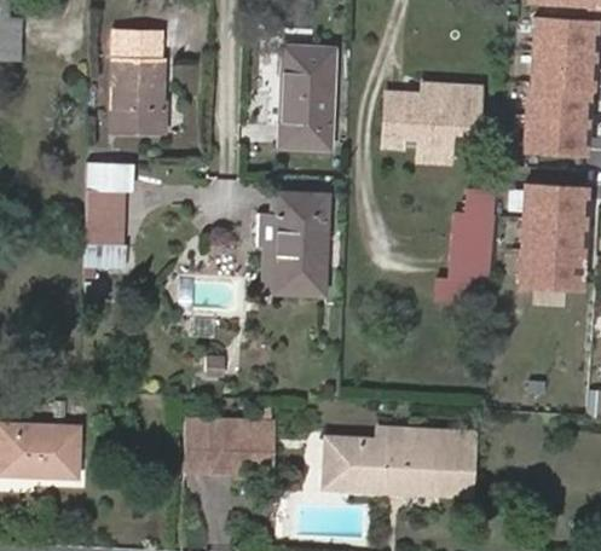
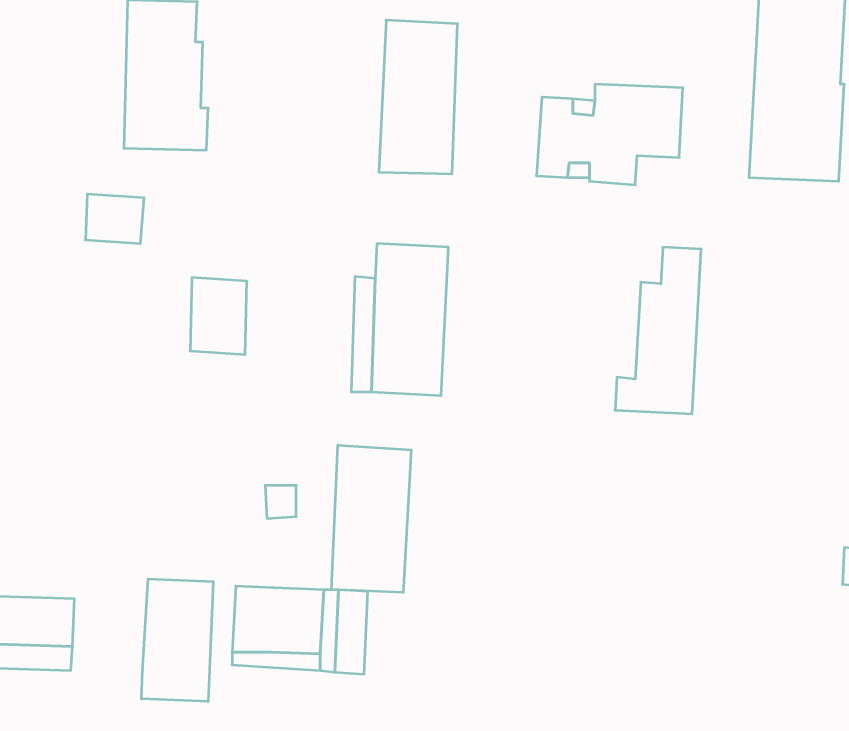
building: [518,184,584,286] -> none
building: [87,190,125,240] -> [190,278,247,355]
building: none -> [331,445,411,592]
building: none -> [141,579,213,702]
building: [326,427,476,491] -> none

